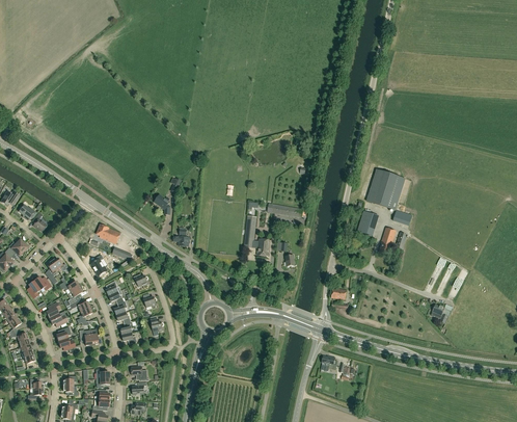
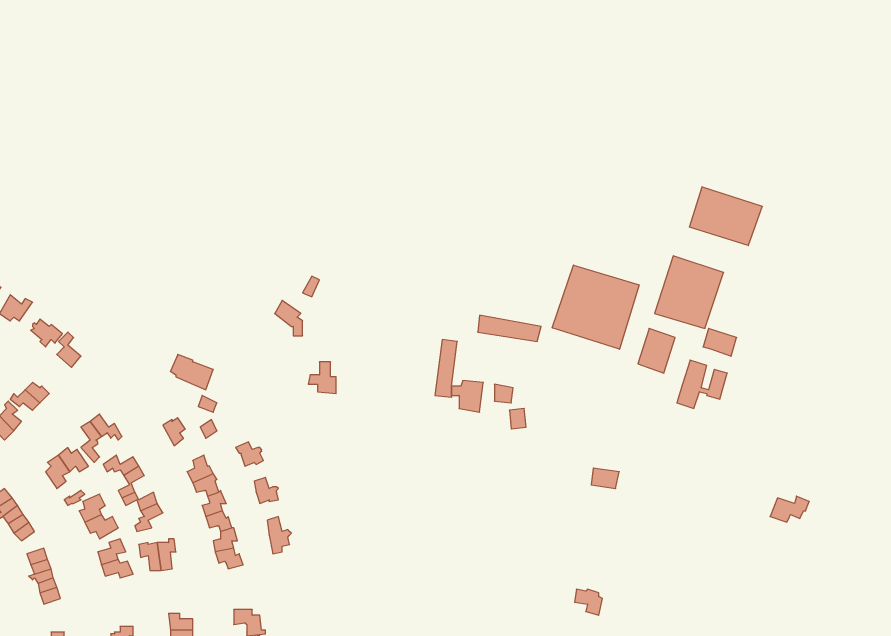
building: none -> [690,187,762,246]
building: none -> [552,265,639,349]

